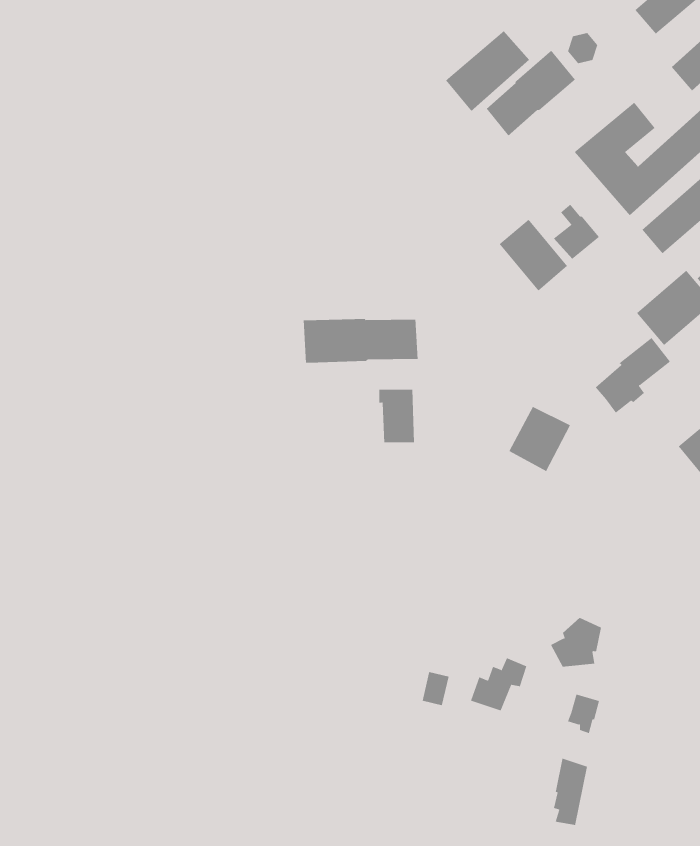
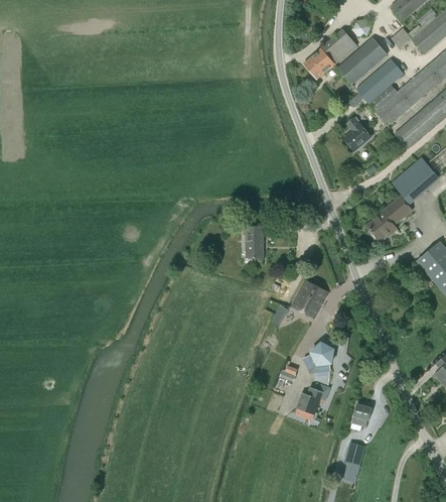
building: [445,30,530,112] -> [337,37,387,85]
building: [499,219,568,291] -> none
building: [303,318,418,363] -> none
building: [508,406,571,472] -> [290,280,326,319]
building: [550,617,602,667] -> [304,343,334,372]

